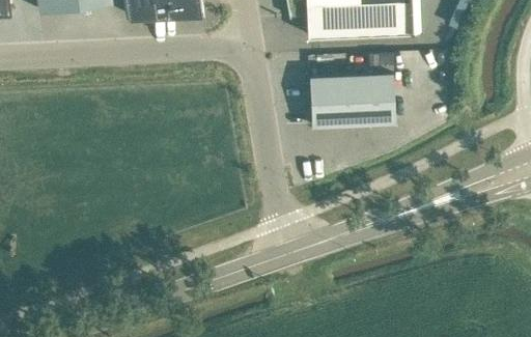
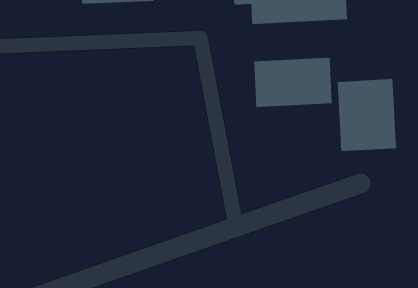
building: none -> [337,78,396,152]

